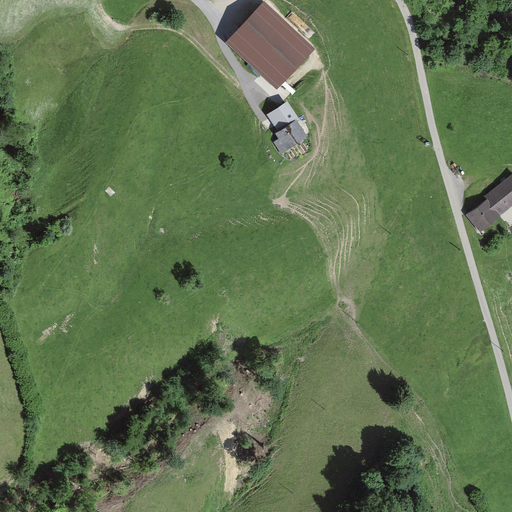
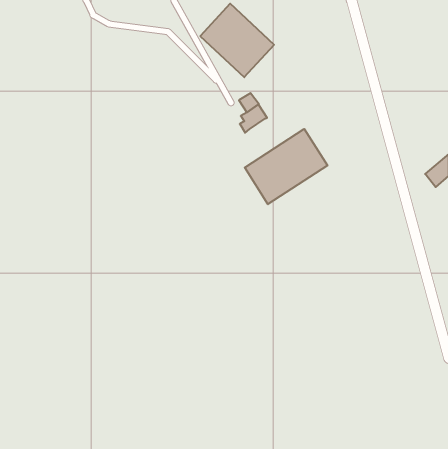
building: none -> [245,129,327,204]
building: [467,199,497,228] -> none

